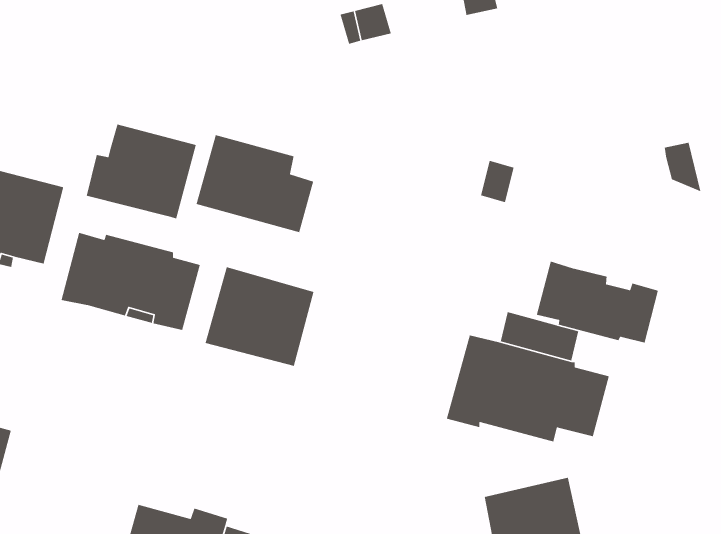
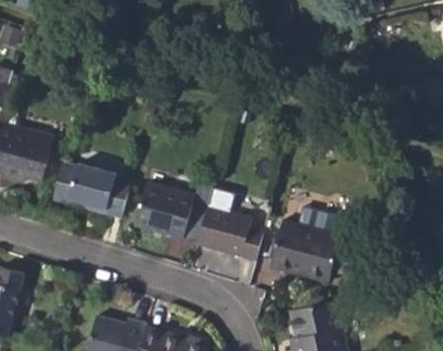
building: [86,123,197,220] -> none
building: [195,134,314,233] -> [196,204,263,260]
building: [536,260,659,344] -> none

